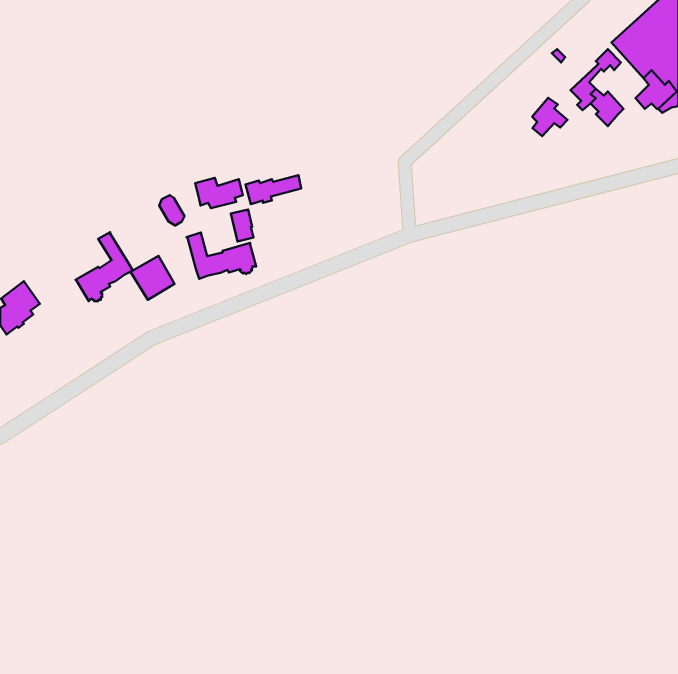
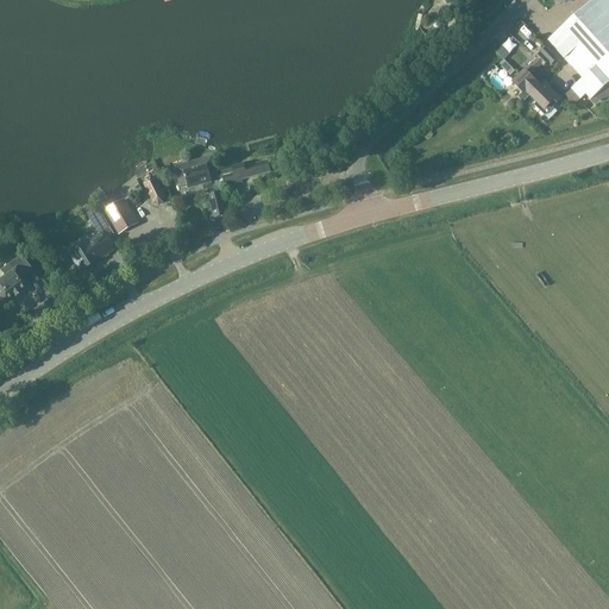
building: [532,98,567,136] -> none
building: [187,233,256,279] -> none
building: [131,256,174,300] -> [99,195,138,234]

